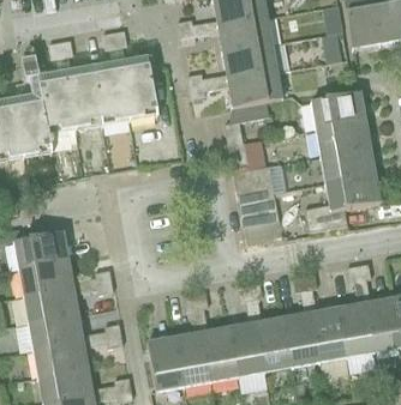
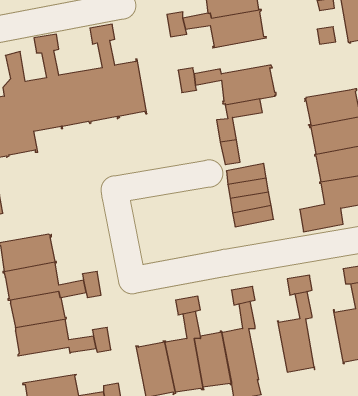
building: [221,43,276,78] -> none
building: [311,306,347,363] -> none
building: [256,316,293,373] -> none
building: [32,341,89,376] -> none

